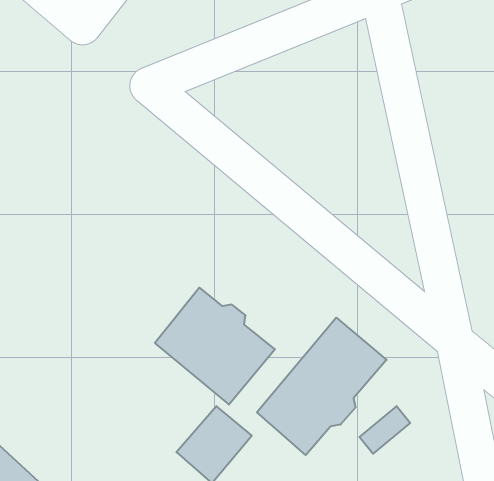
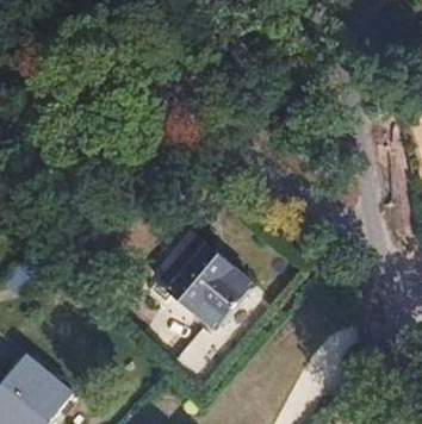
building: [257,318,387,455] -> none

